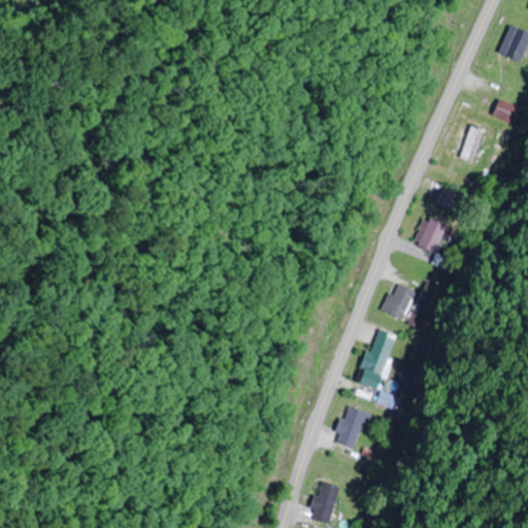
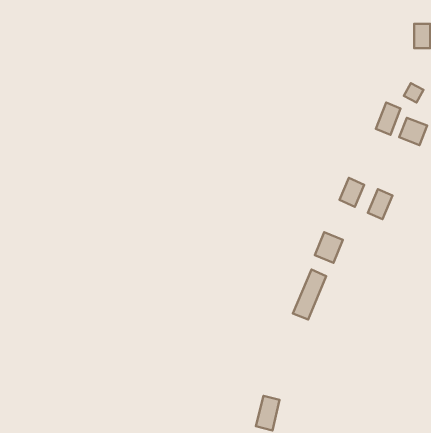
building: none -> [399,118,427,145]
building: none -> [368,189,393,219]
building: [337,406,365,448] -> none

